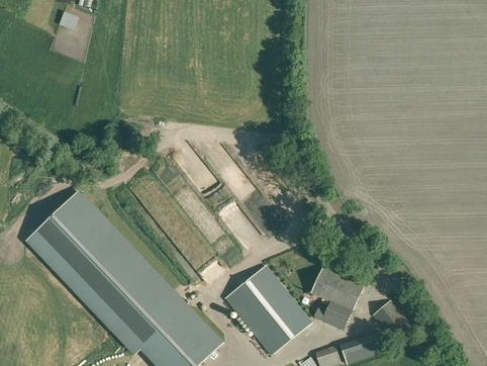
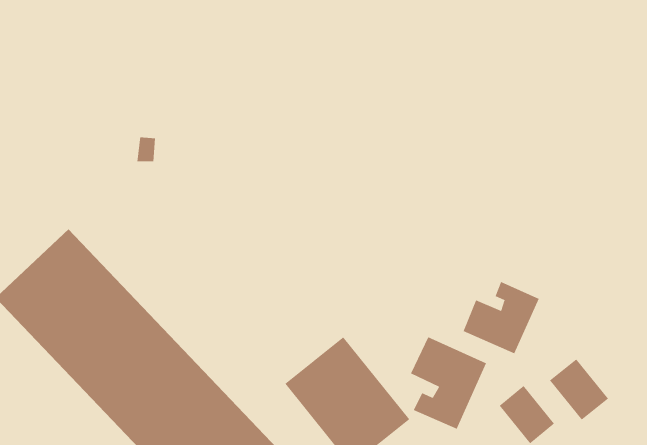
building: none -> [463,281,539,354]
building: none -> [549,359,609,420]

